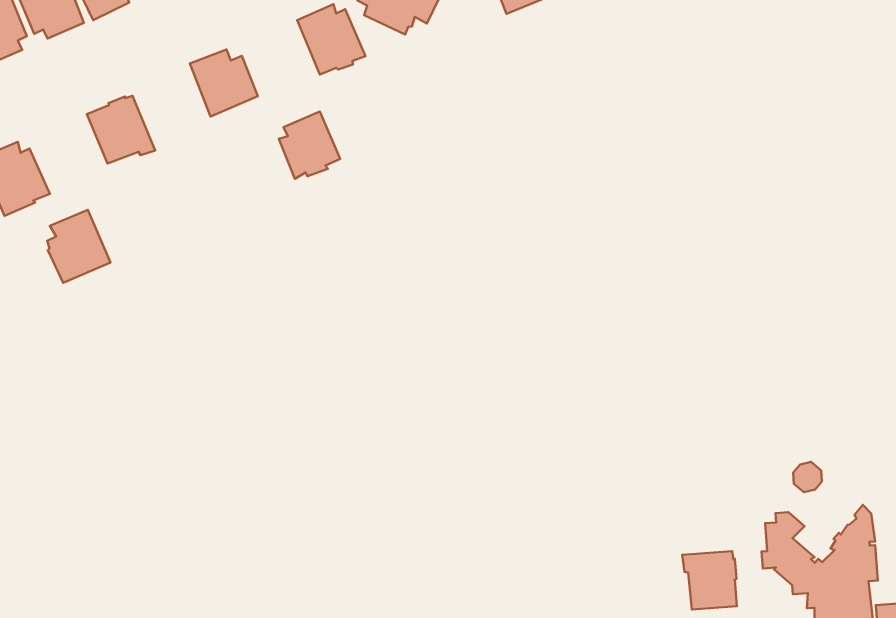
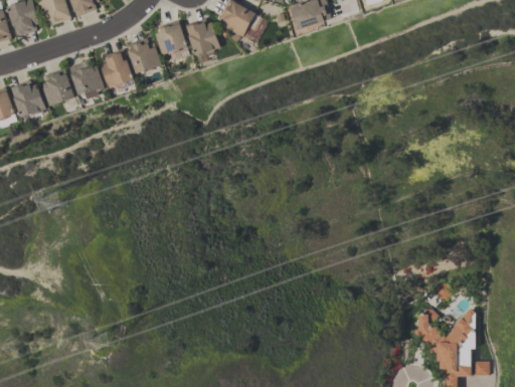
building: none -> [100,49,133,87]
building: [279,111,340,179] -> [155,20,187,55]
building: [47,210,111,283] -> [41,68,74,107]
building: [682,551,737,610] -> none

